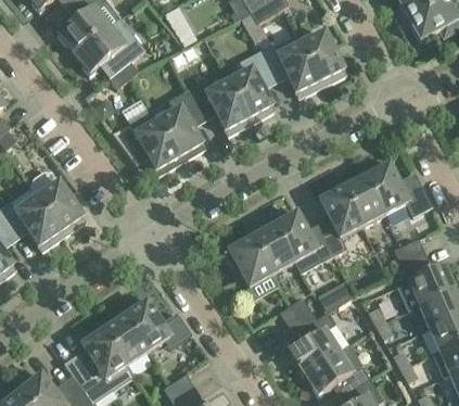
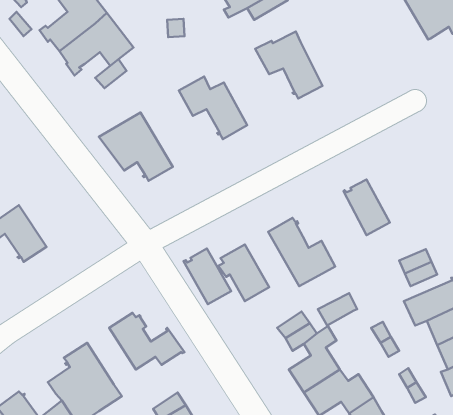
building: [301,33,345,85] -> none
building: [229,50,273,122] -> none
building: [157,89,203,161] -> none
building: [362,160,432,214] -> none
building: [29,172,86,236] -> none
building: [318,183,362,254] -> none
building: [248,221,293,274] -> [184,248,231,304]
building: [101,312,146,365] -> none

